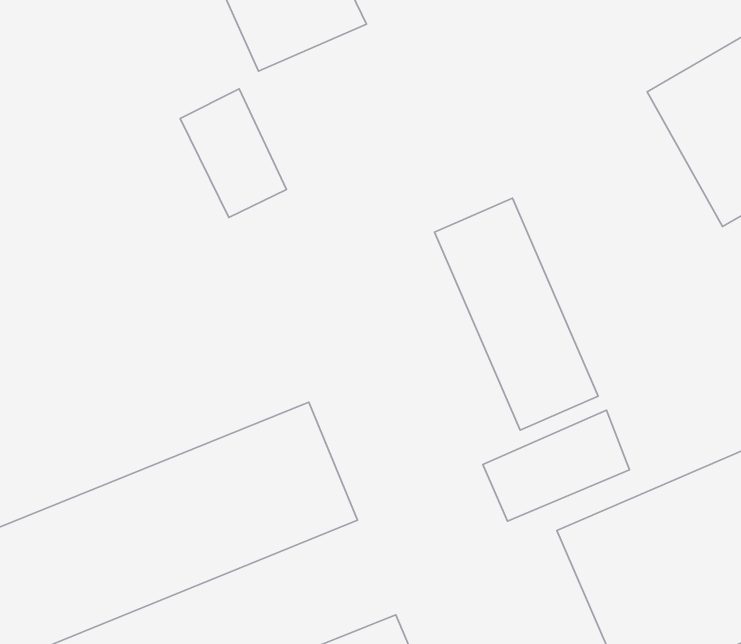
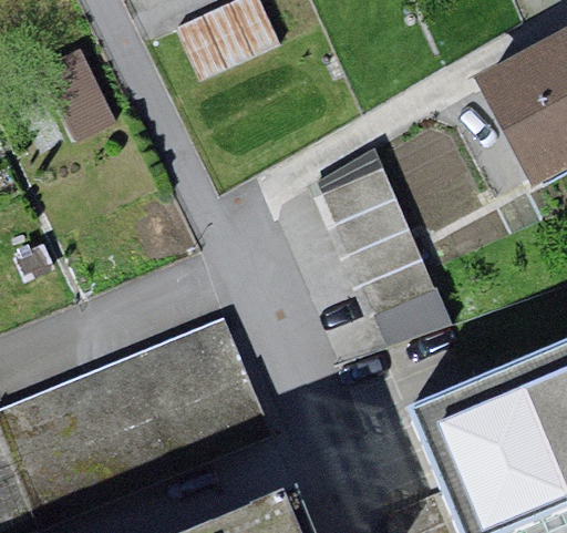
building: [180,89,286,217] -> [32,39,112,135]
building: [483,410,630,521] -> none

